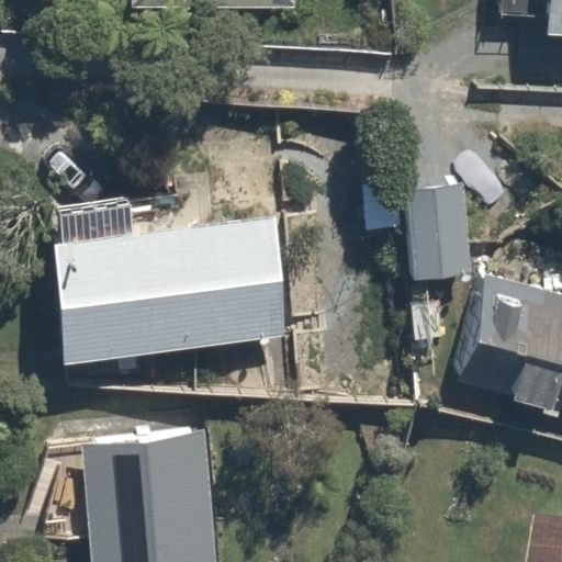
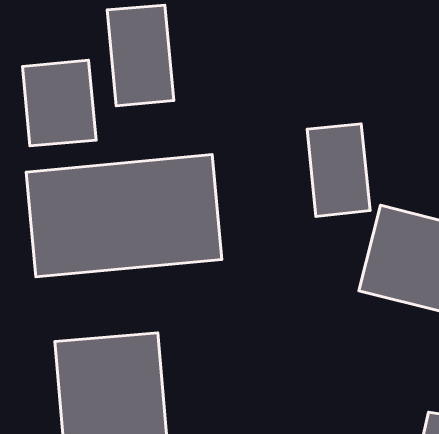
building: none -> [107,5,174,106]
building: none -> [22,60,96,146]

